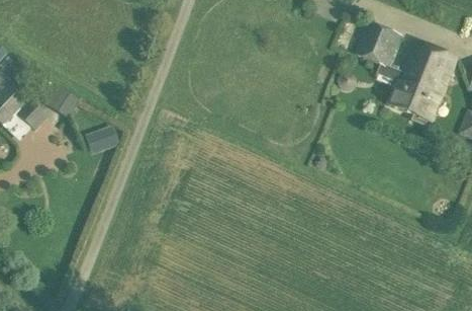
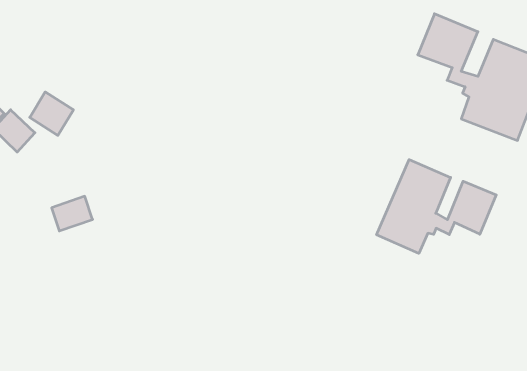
building: [87,125,119,152] -> [52,196,93,231]
building: none -> [377,160,496,253]

